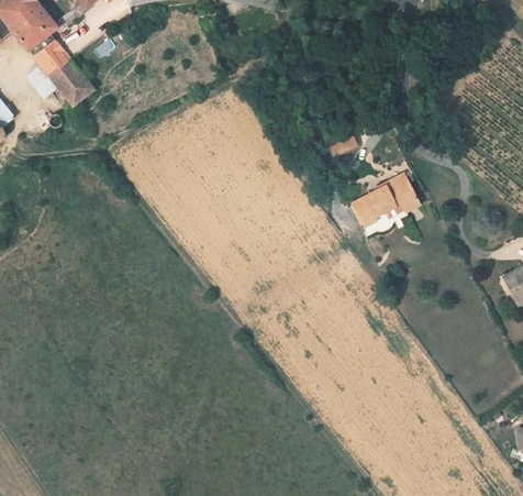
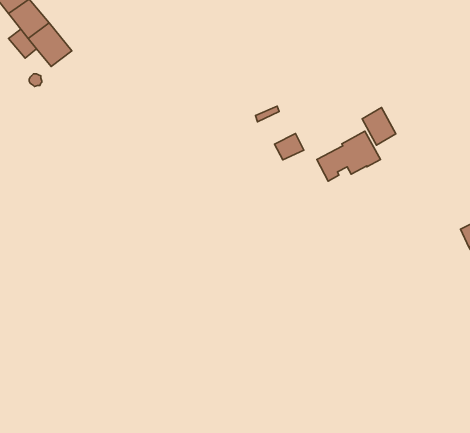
building: [325,128,356,155] -> [275,134,304,160]
building: none -> [362,107,396,145]

